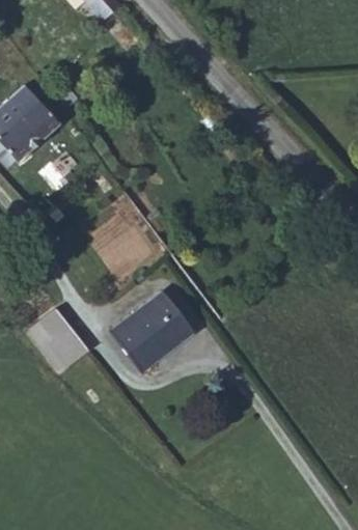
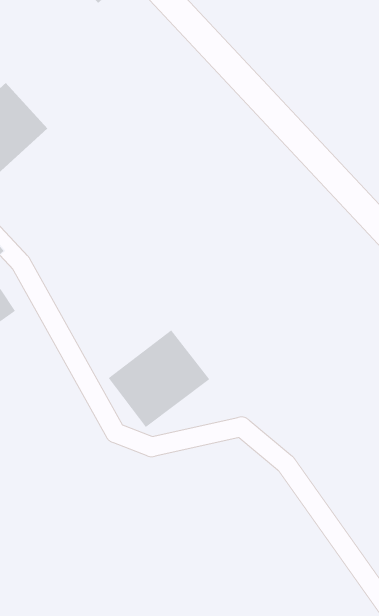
building: [27,307,88,371] -> none

